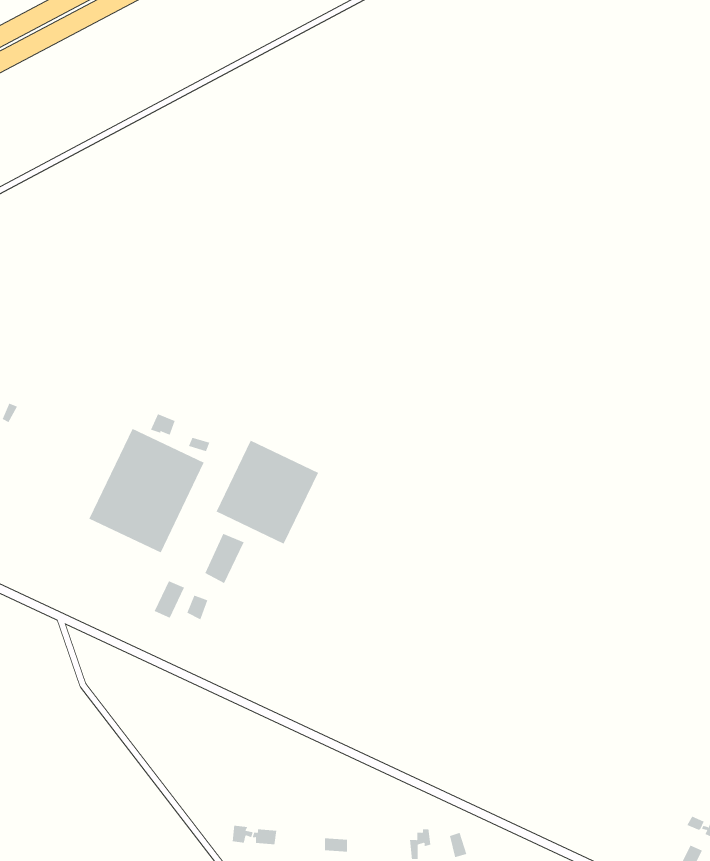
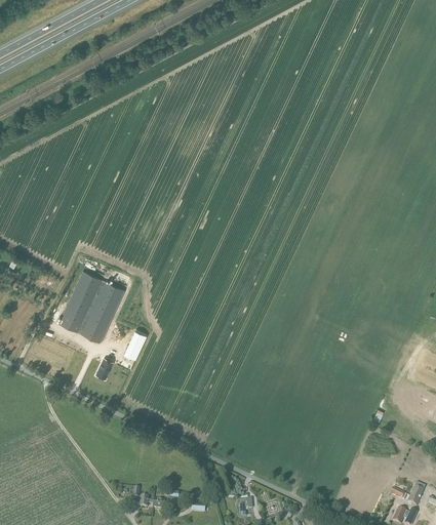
building: [216,440,319,545] -> none

